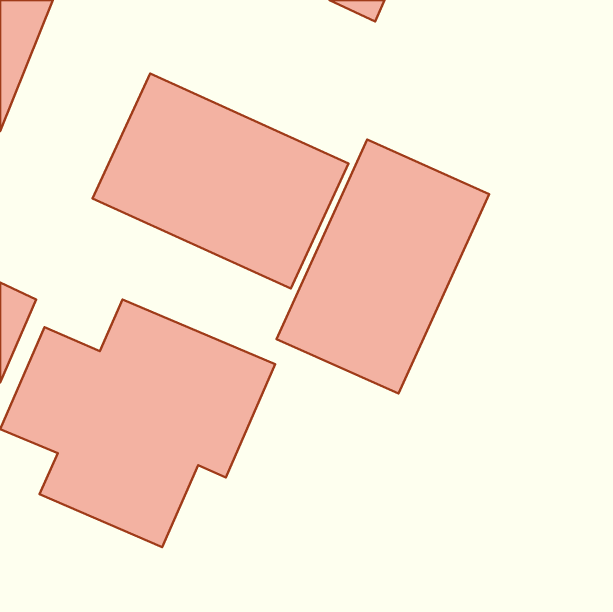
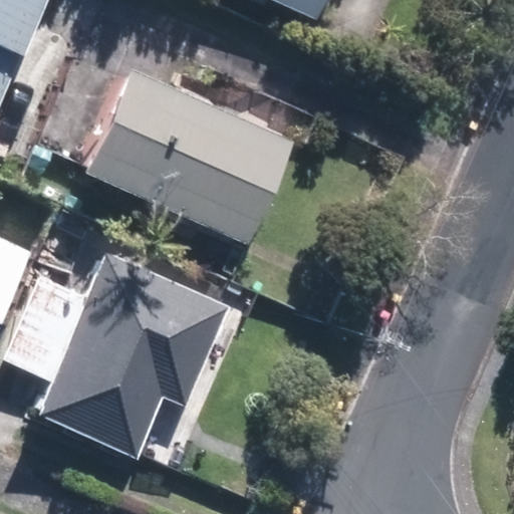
building: [277,140,489,394] -> none

